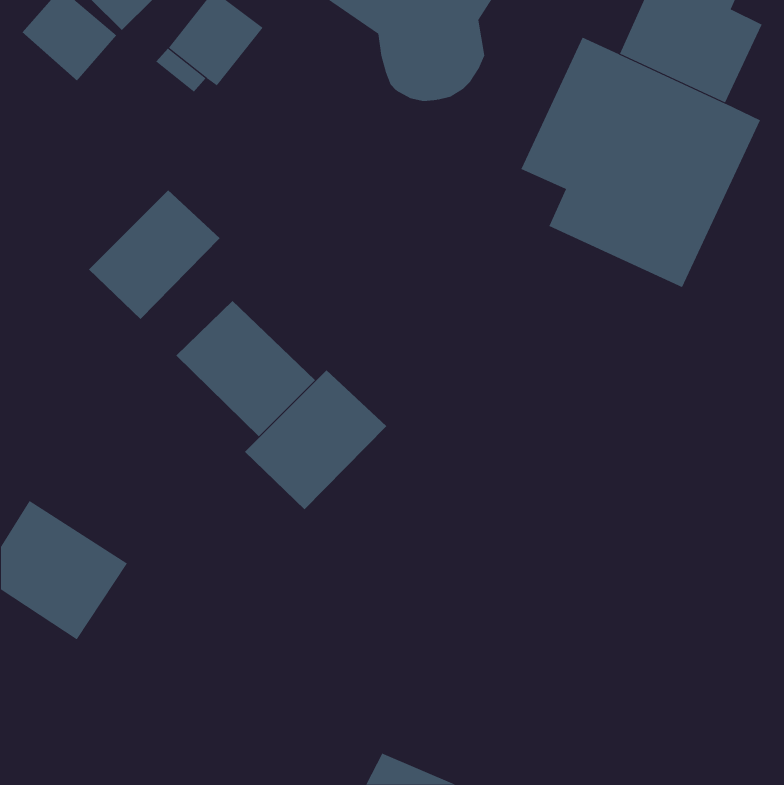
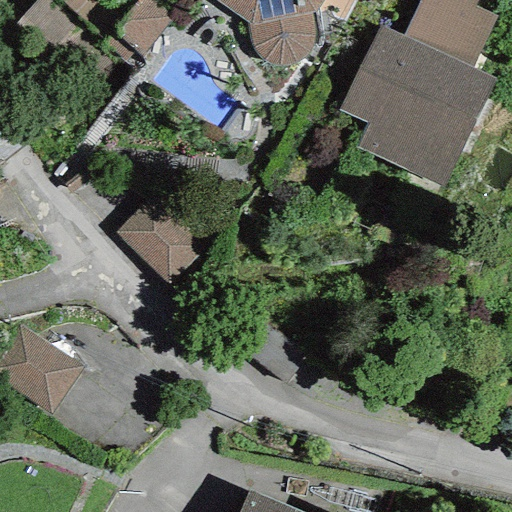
building: [88,189,221,320] -> none
building: [244,369,387,510] -> none

